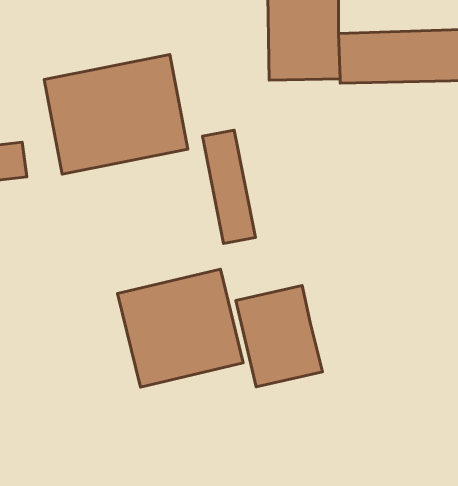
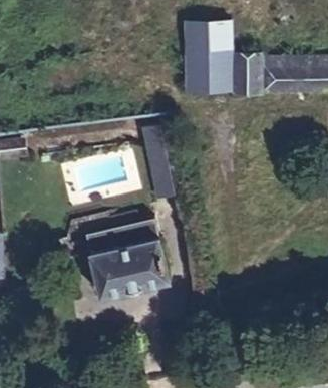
building: [44,55,188,174] -> none
building: [236,285,322,387] -> none

